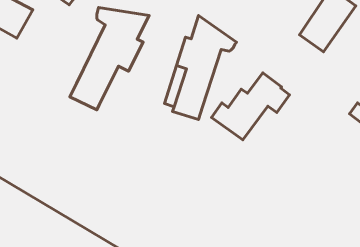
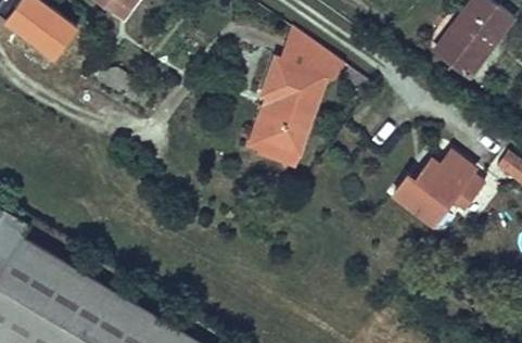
building: [70,7,149,110] -> none
building: [211,73,290,140] -> [383,151,488,241]

